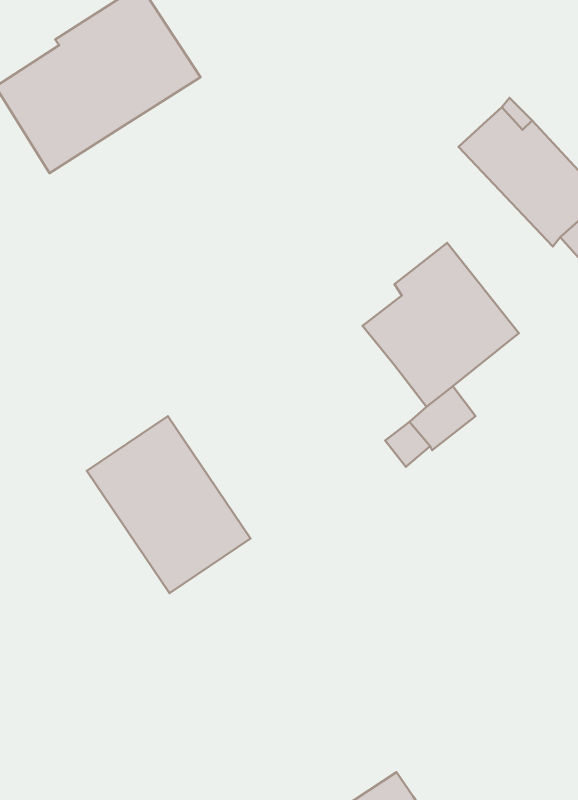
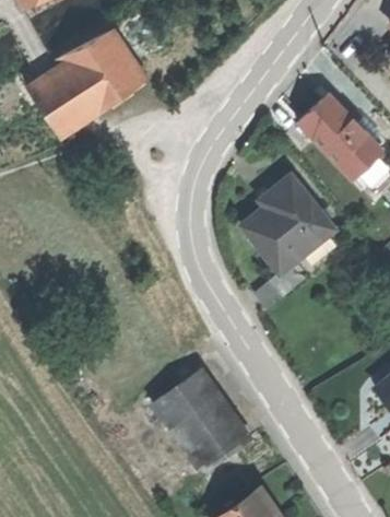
building: [87,416,251,593] -> [154,365,249,468]

